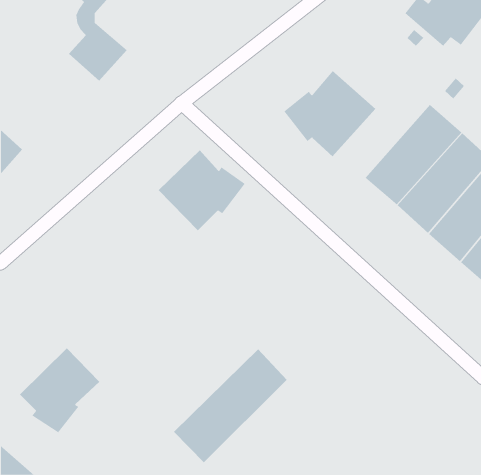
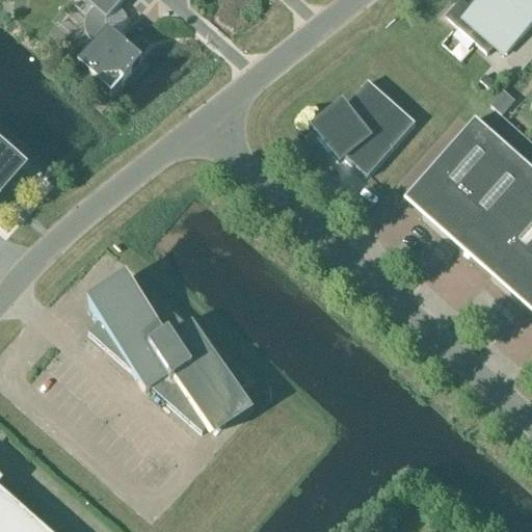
building: [158,149,245,231] -> none
building: none -> [89,275,249,428]
building: [19,347,100,433] -> none
building: [173,348,288,463] -> none

